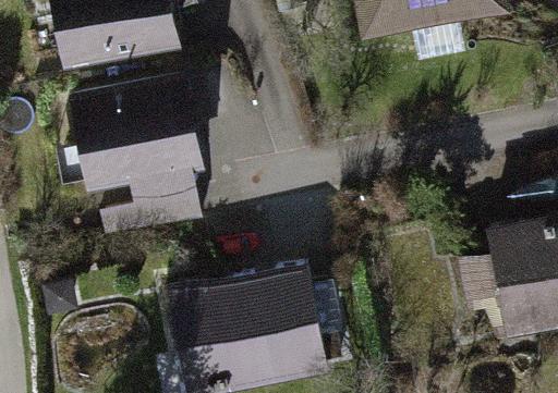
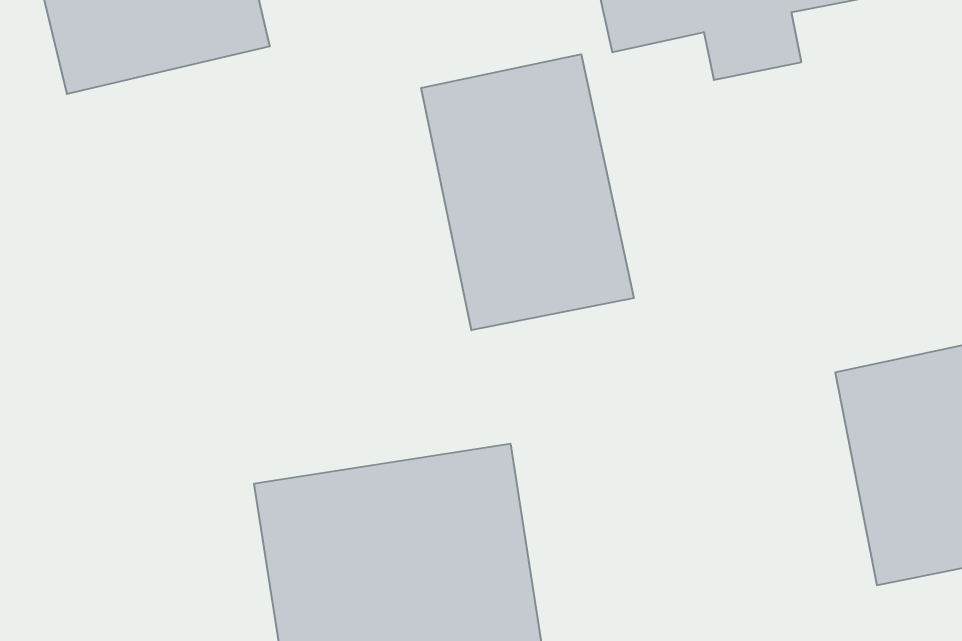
building: none -> [421,54,634,330]
building: [69,72,201,217] -> none

